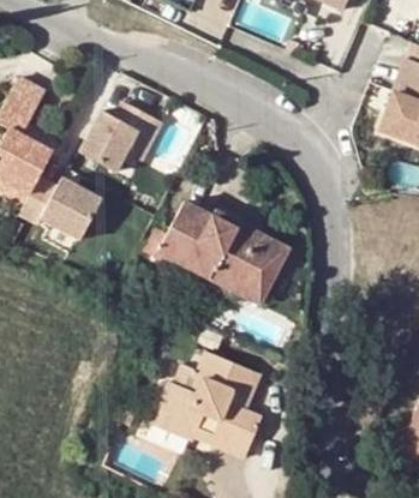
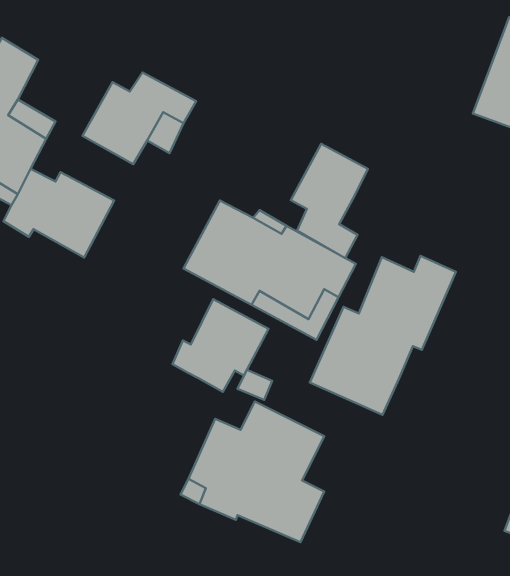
building: none -> [291,144,368,258]
building: none -> [310,256,456,415]
building: none -> [172,299,269,392]

